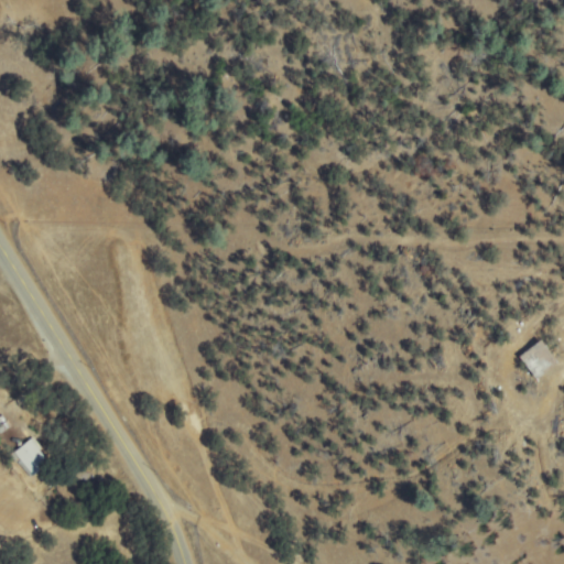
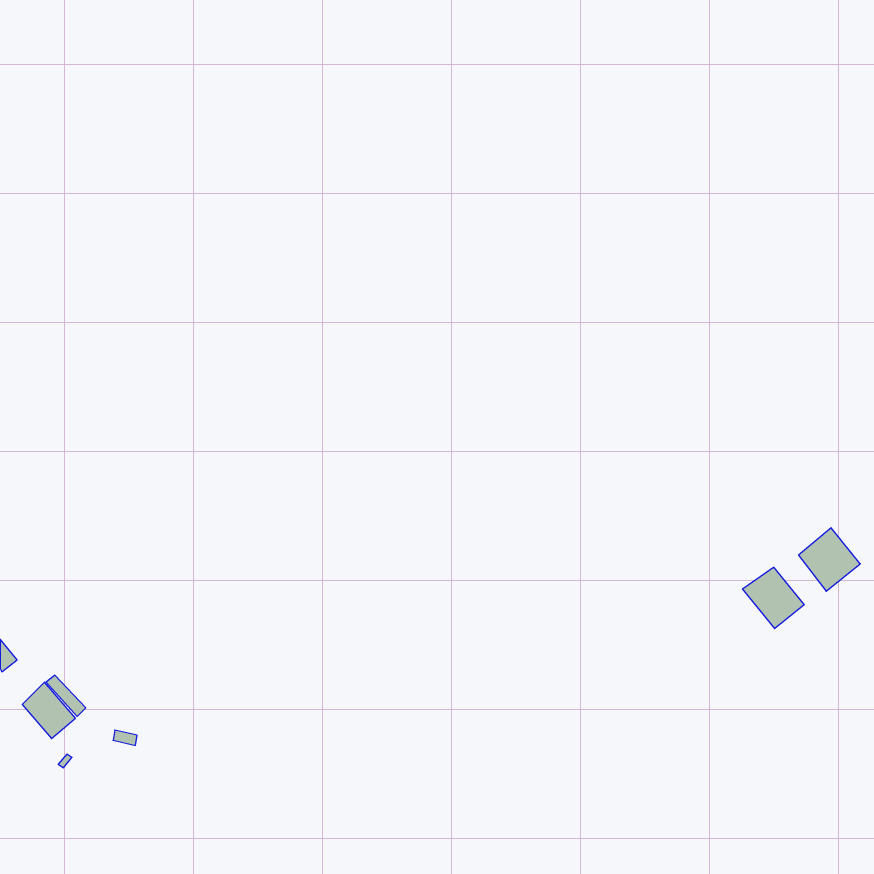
building: none -> [743,567,804,629]

